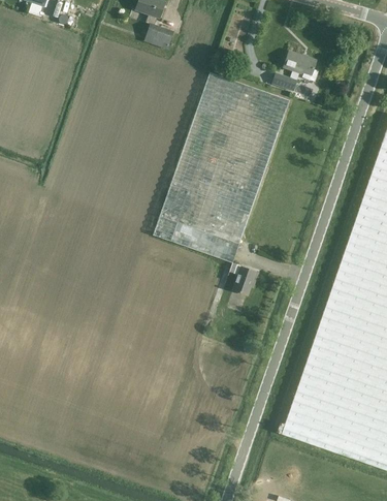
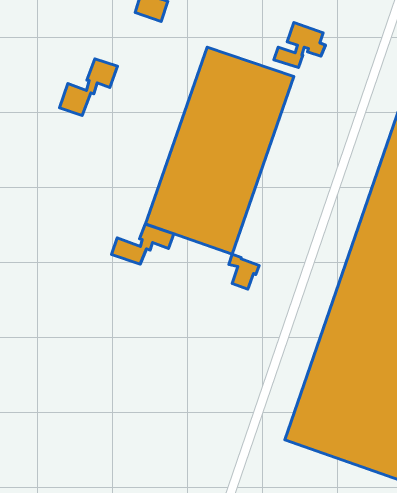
building: none -> [59,59,118,115]
building: none -> [111,224,174,264]

